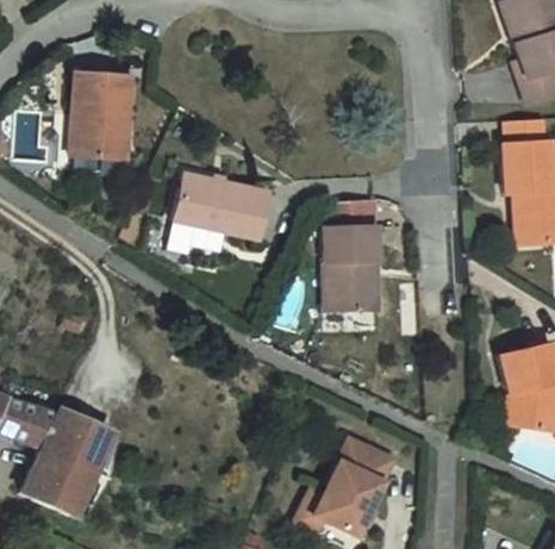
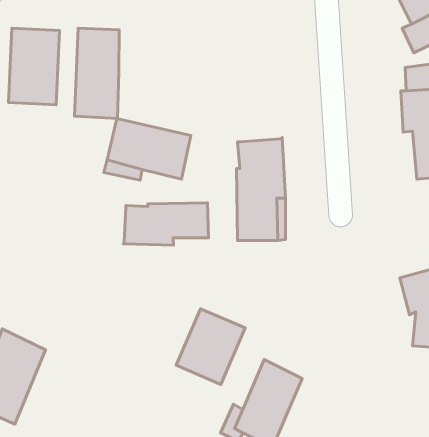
building: none -> [75,28,119,119]
building: none -> [123,203,208,245]
building: none -> [176,309,245,385]

